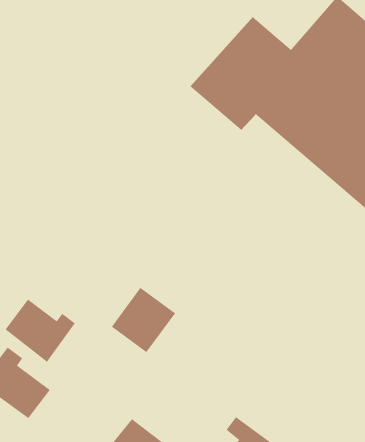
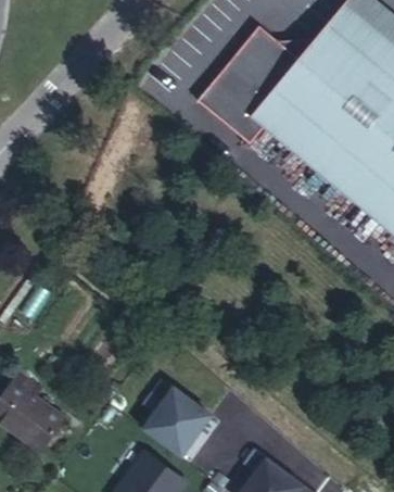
building: [111,287,176,353] -> [145,384,213,453]
building: [5,299,76,363] -> none

